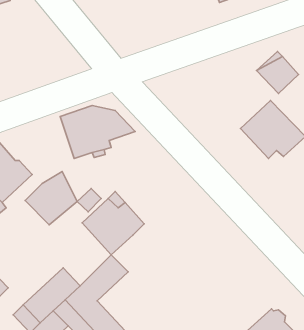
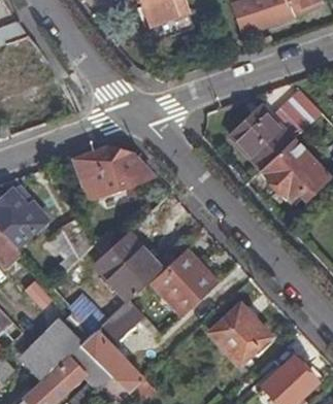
building: none -> [231,112,294,168]
building: none -> [153,249,219,311]
building: none -> [209,302,269,361]

